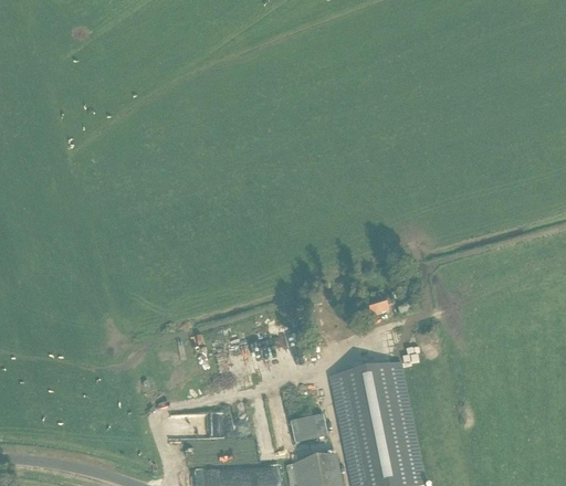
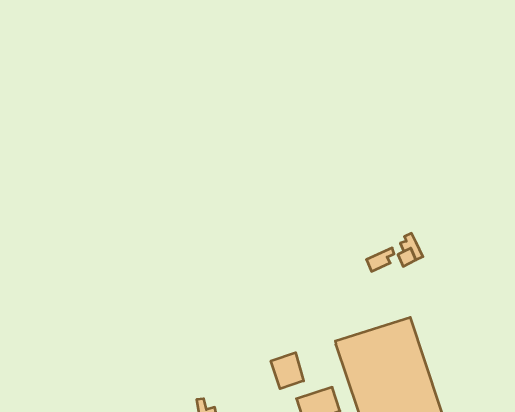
building: none -> [271,353,304,389]

